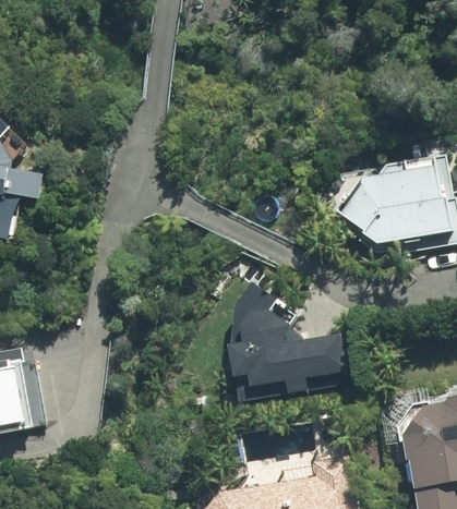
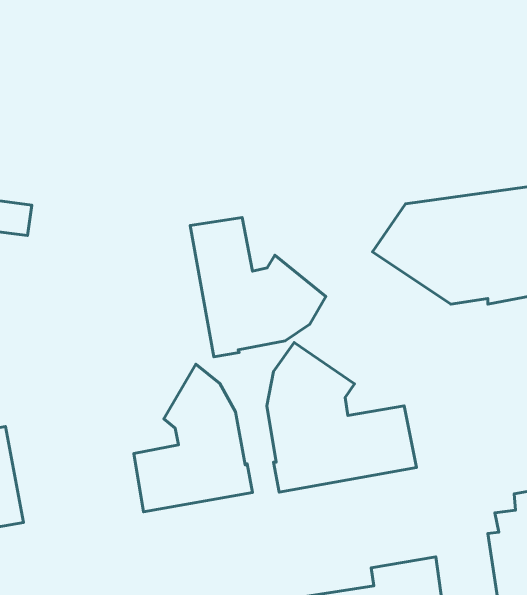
building: none -> [190,217,326,357]
building: none -> [134,364,252,512]

